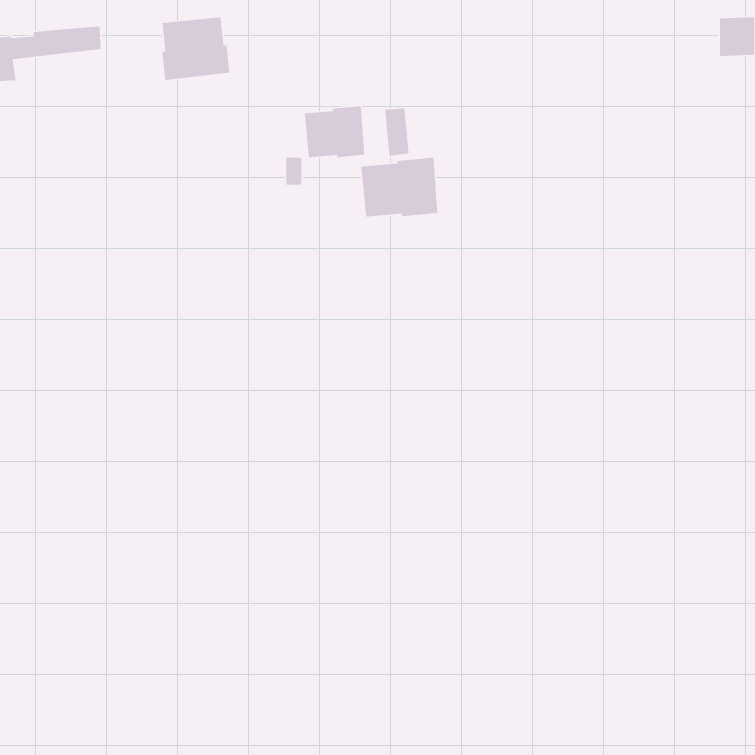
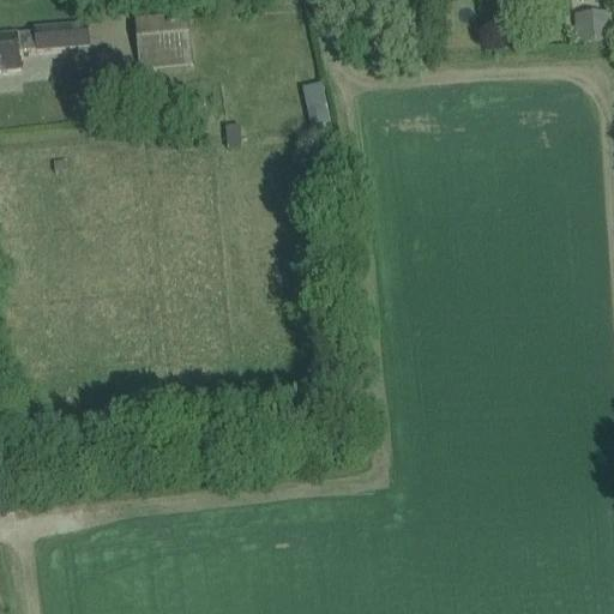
building: [304,105,365,158] -> none
building: [361,157,438,218] -> none

